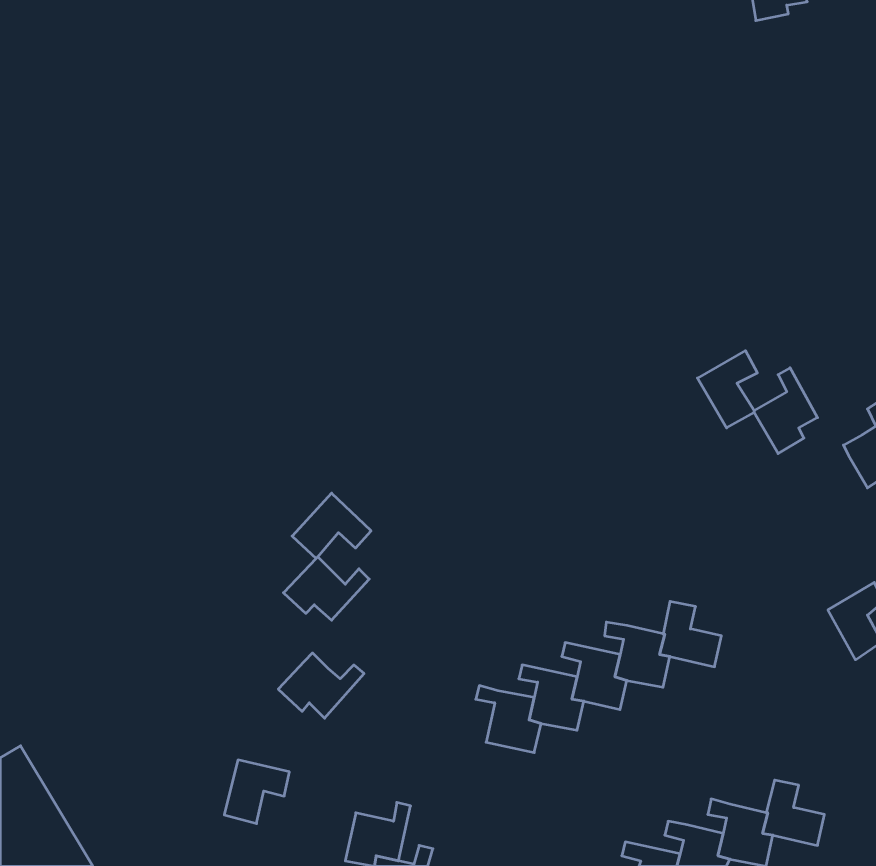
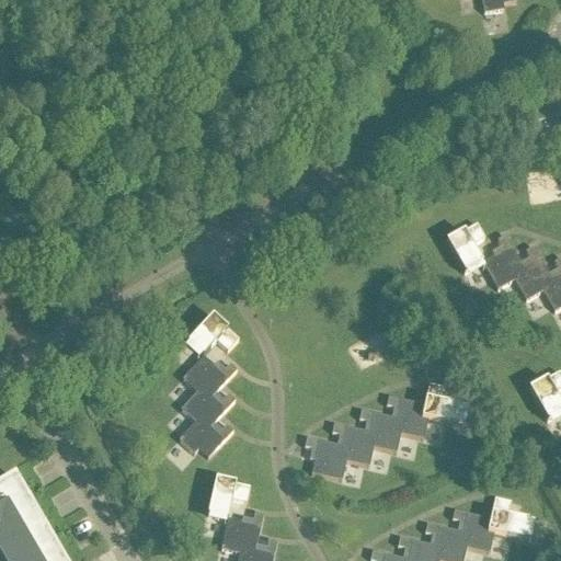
building: none -> [511,245,551,300]
building: none -> [181,386,234,426]
building: [224,760,289,824] -> [207,479,249,519]

